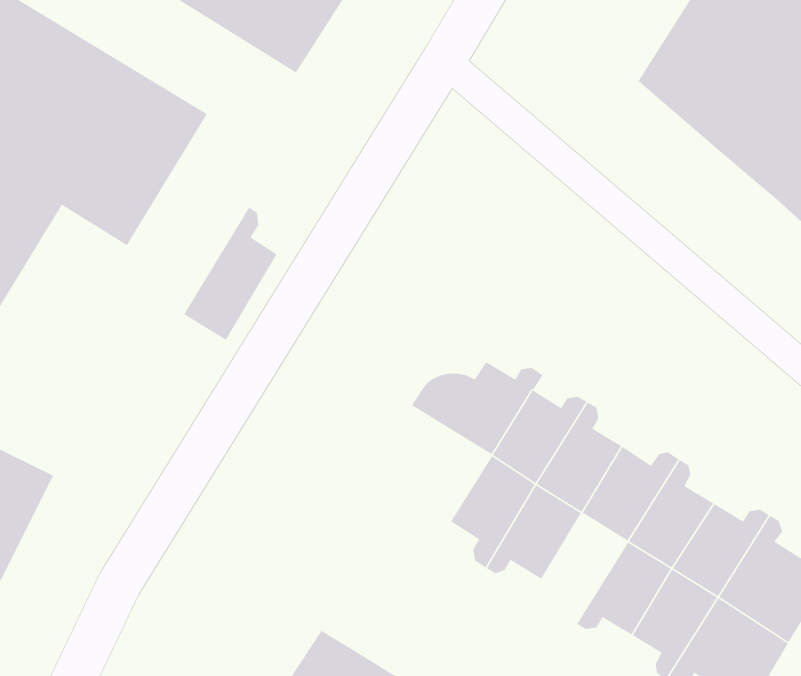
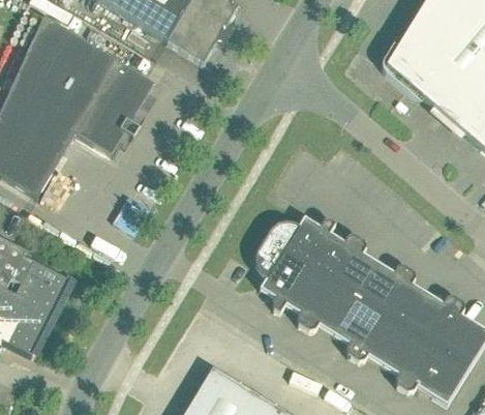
building: [183,207,278,341] -> none
building: none -> [253,240,306,313]
building: none -> [333,298,380,358]

